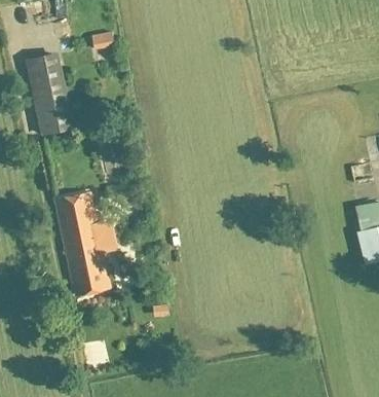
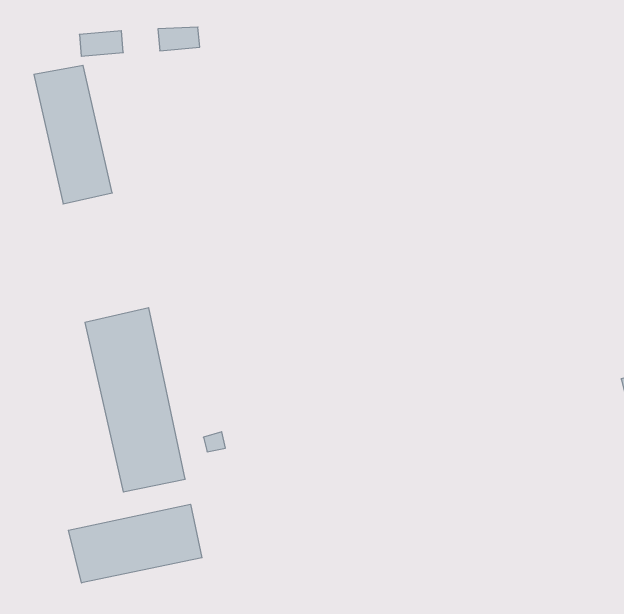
building: none -> [68,504,202,583]

